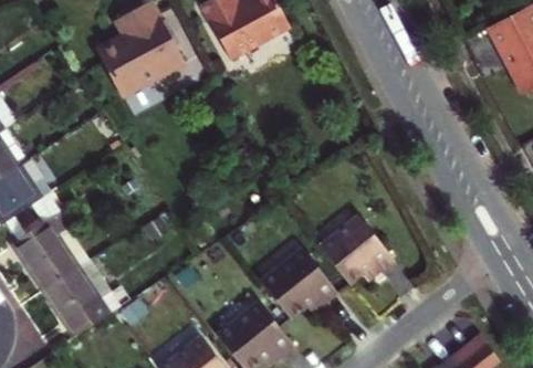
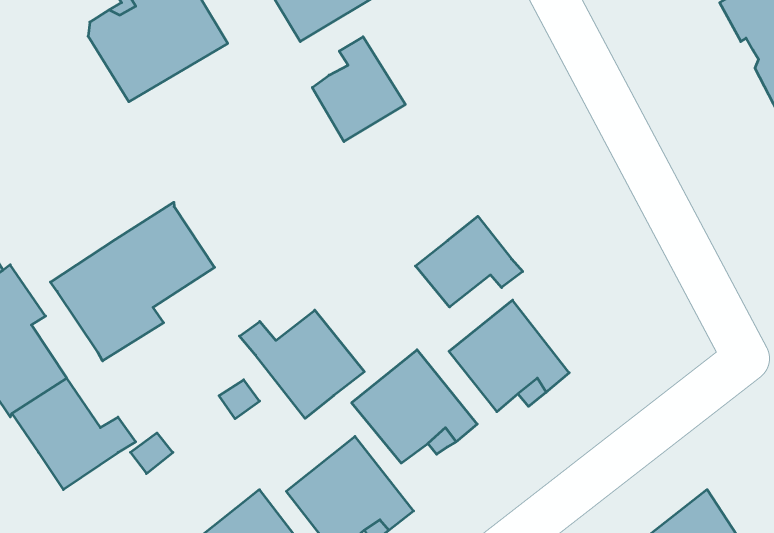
building: none -> [312,37,405,142]
building: none -> [50,202,215,361]
building: none -> [415,216,523,307]
building: none -> [239,310,364,418]

